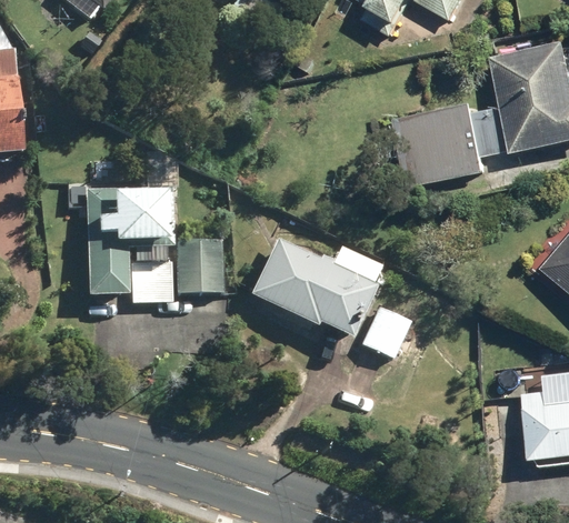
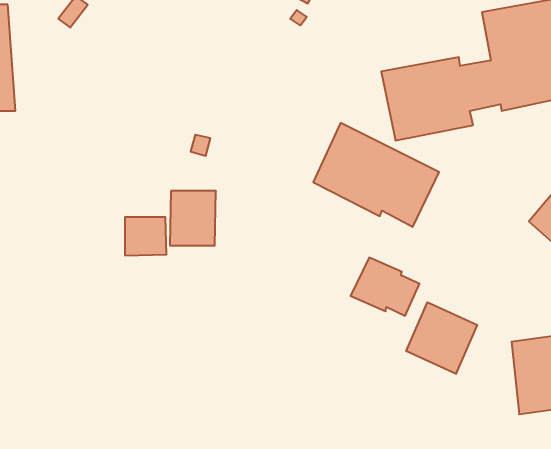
building: [84,185,172,299] -> none
building: [248,237,376,342] -> [313,123,439,227]
building: none -> [406,302,477,374]

